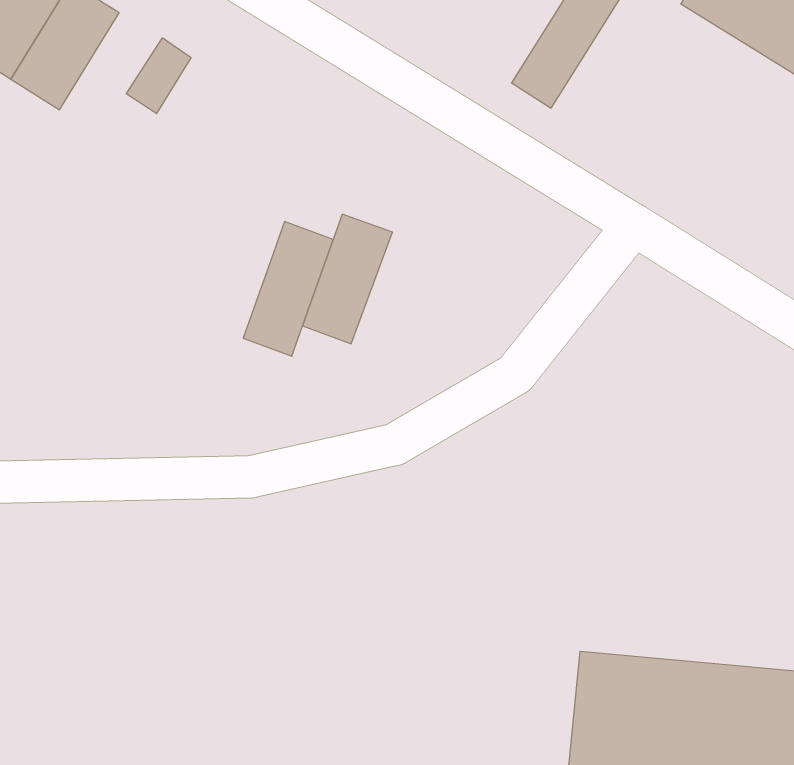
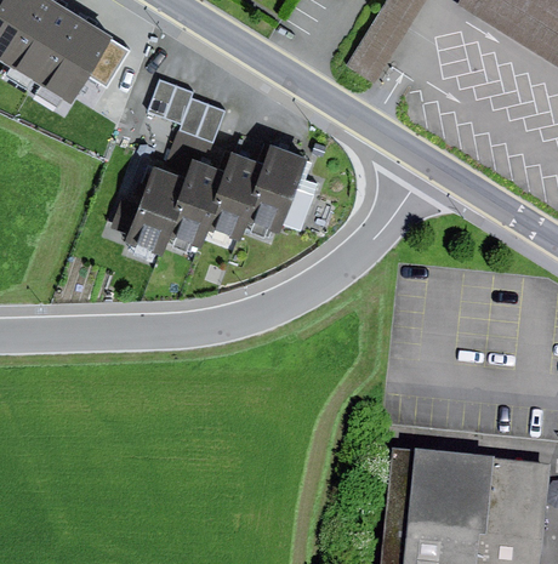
building: none -> [41,17,110,101]
building: none -> [147,79,227,144]
building: none -> [245,148,315,235]
building: none -> [108,166,186,255]

